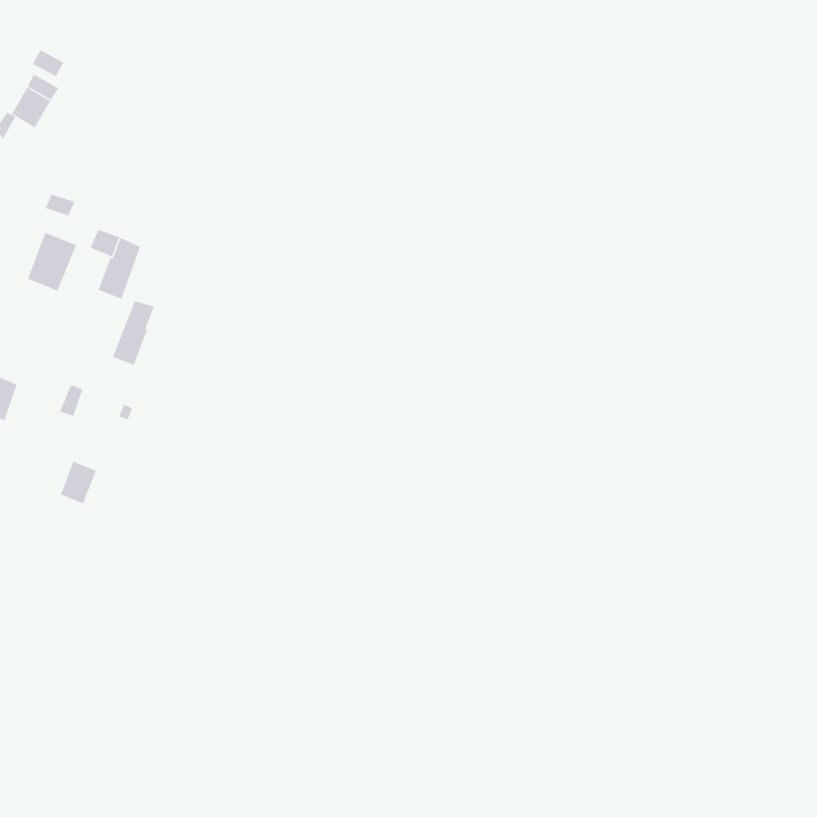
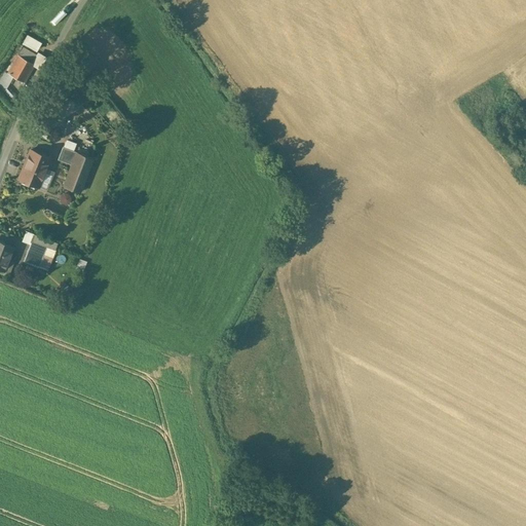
building: [112,301,154,365] -> none
building: [60,461,97,504] -> [22,241,45,269]

